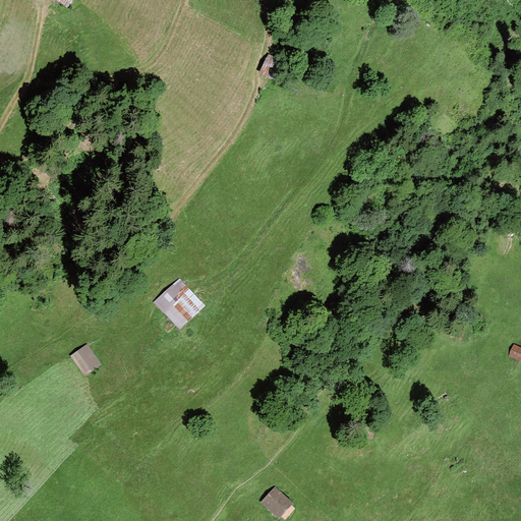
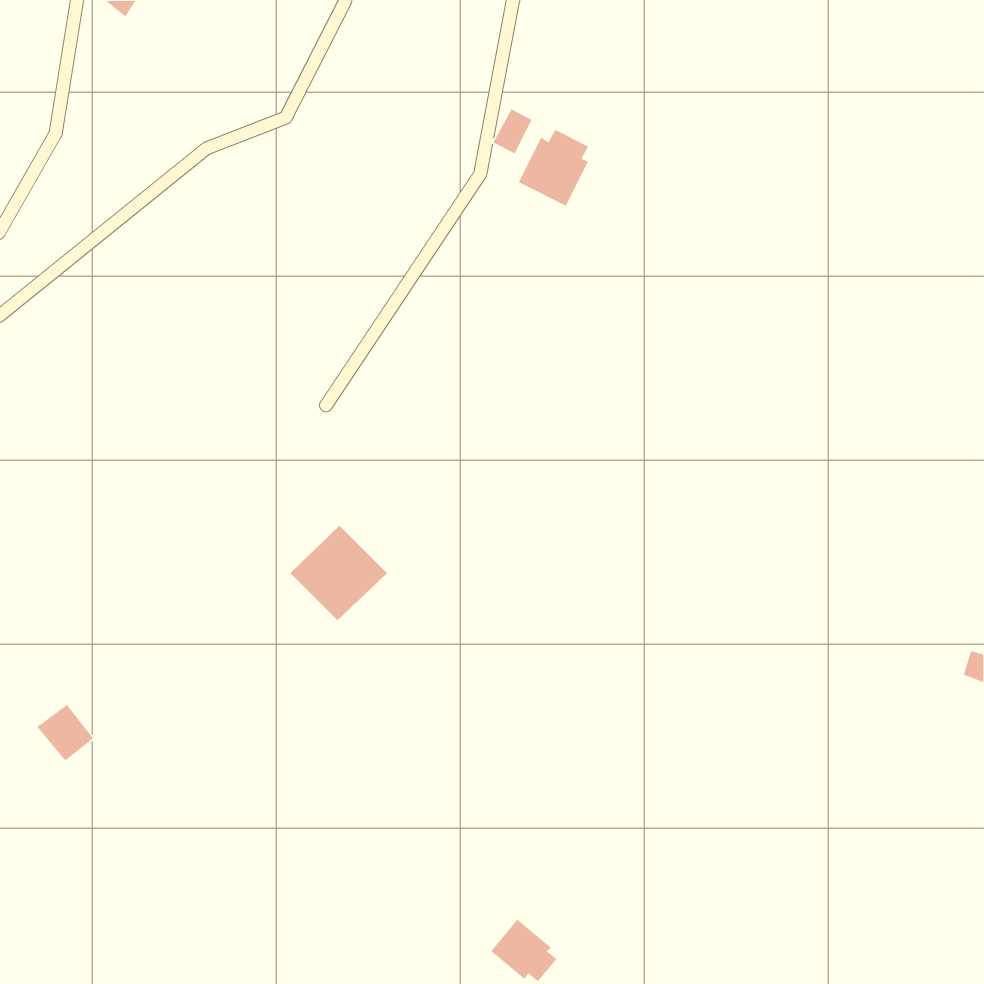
building: none -> [518,129,589,207]
building: [69,344,100,374] -> [36,704,94,762]

